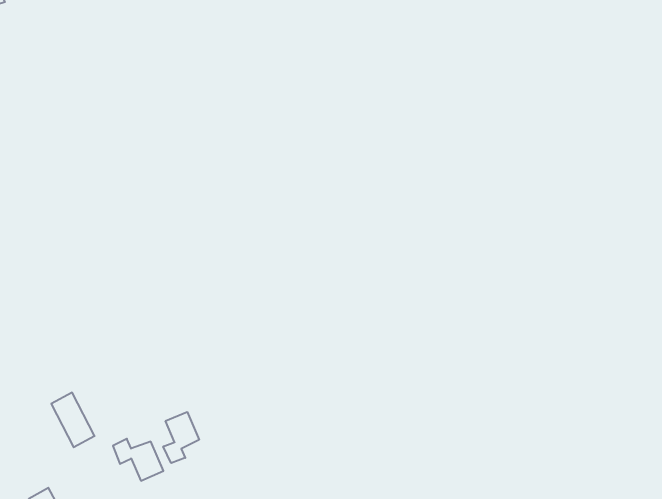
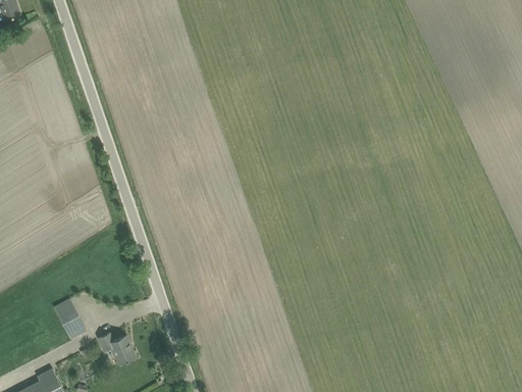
building: [163,412,199,463] -> none

